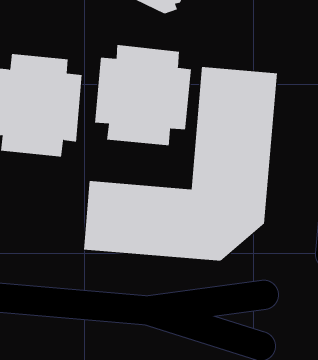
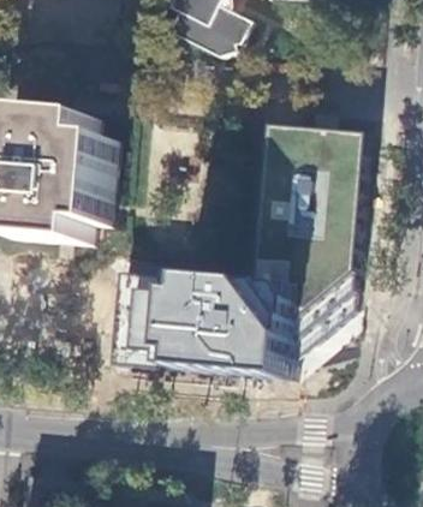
building: [94,44,191,146] -> none

